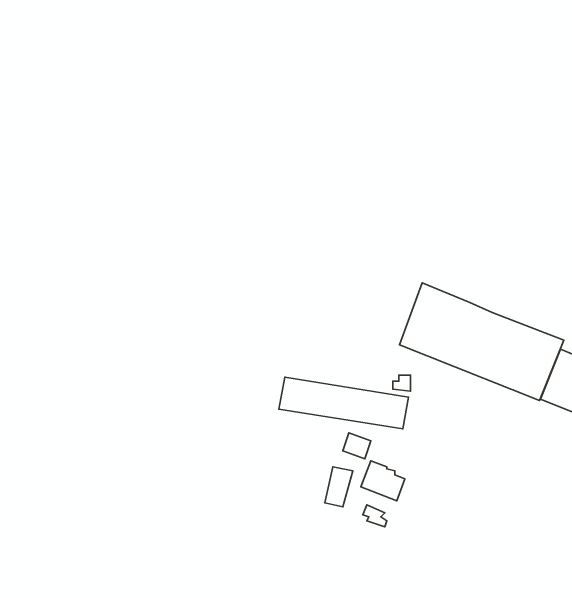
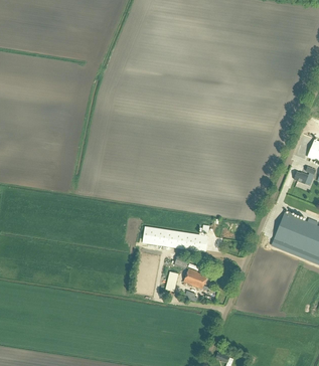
building: [399,283,564,400] -> none

